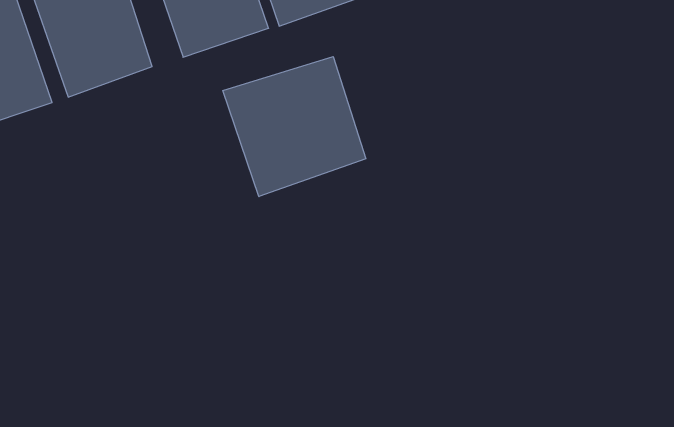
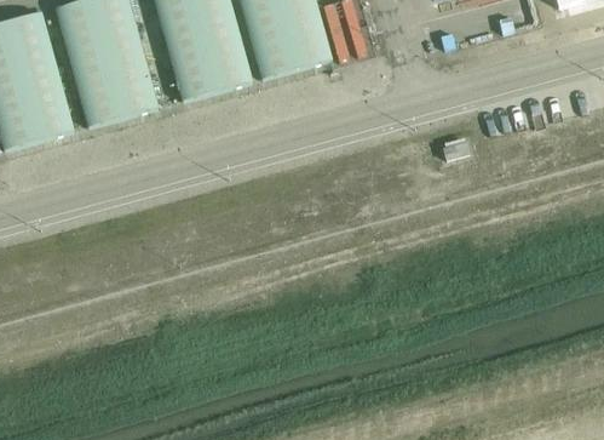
building: [223,57,366,197] -> none

